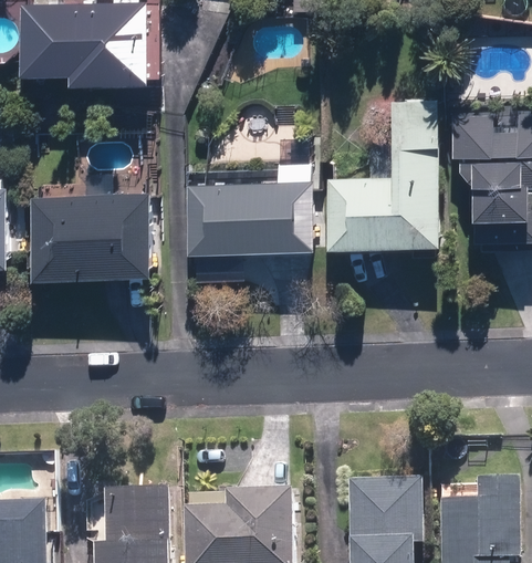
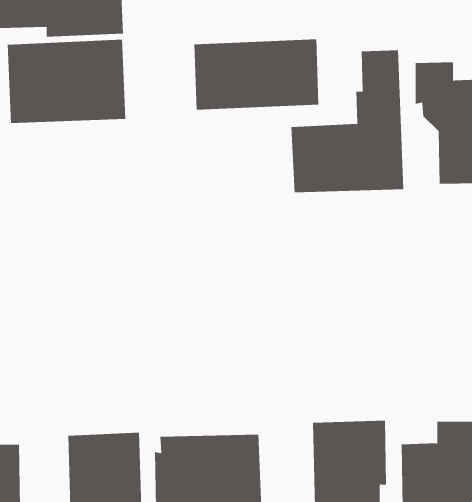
building: [185,181,313,254] -> [194,39,319,110]
building: [32,194,154,280] -> [7,39,126,124]

